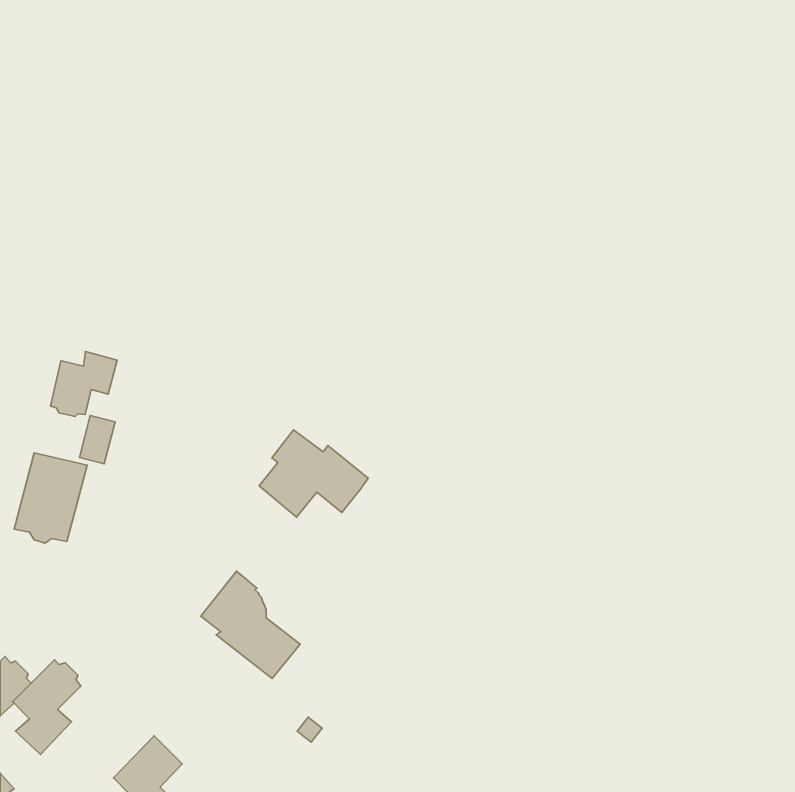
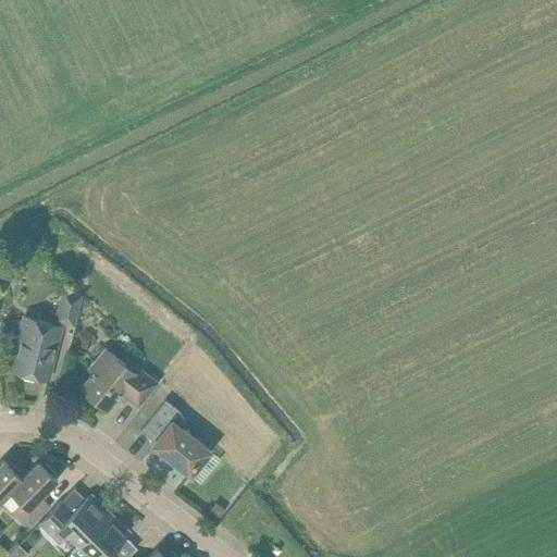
building: [50,352,117,417] -> none
building: [259,430,368,517] -> [81,350,157,411]
building: none -> [39,497,108,546]

